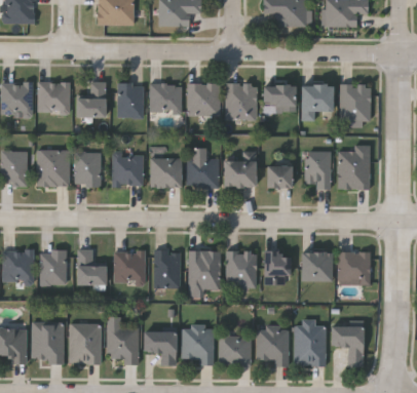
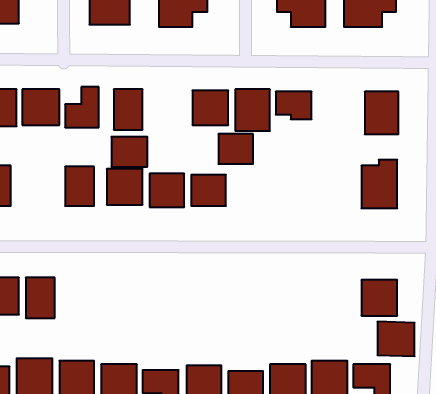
building: [150,84,182,111] -> [111,137,147,167]
building: [301,84,332,120] -> none
building: [37,150,70,186] -> none
building: [305,151,331,187] -> none
building: [224,160,255,187] -> [218,134,253,164]
building: [265,164,292,187] -> none
building: [76,249,105,285] -> none
building: [154,249,181,287] -> none
building: [188,249,220,297] -> none
building: [114,250,145,283] -> none
building: [226,250,257,286] -> none
building: [300,250,333,281] -> [377,322,415,356]
building: [263,251,290,283] -> none

